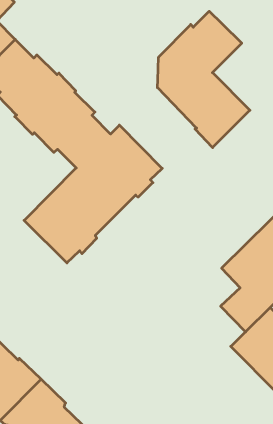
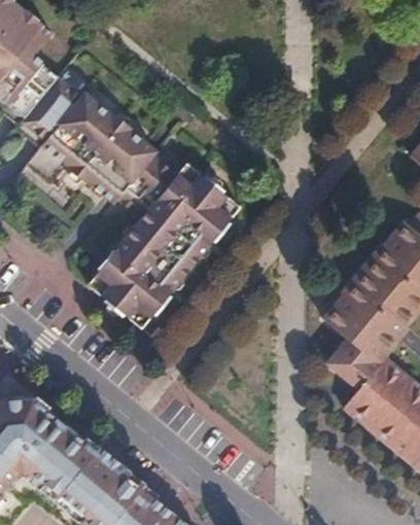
building: [157,11,250,148] -> none

